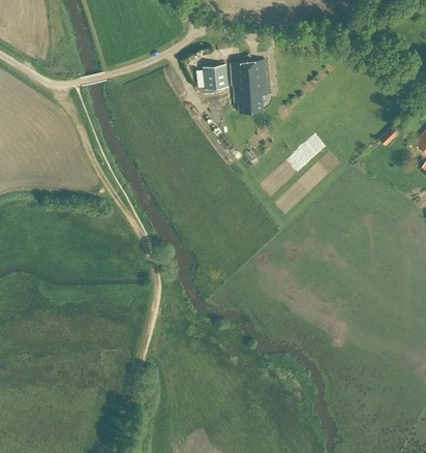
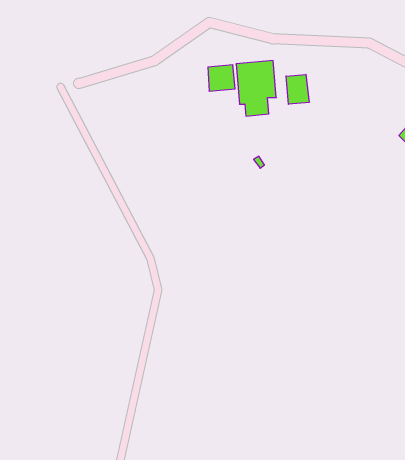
building: none -> [286,74,309,104]

